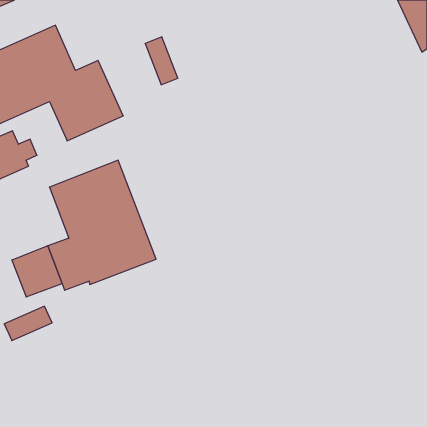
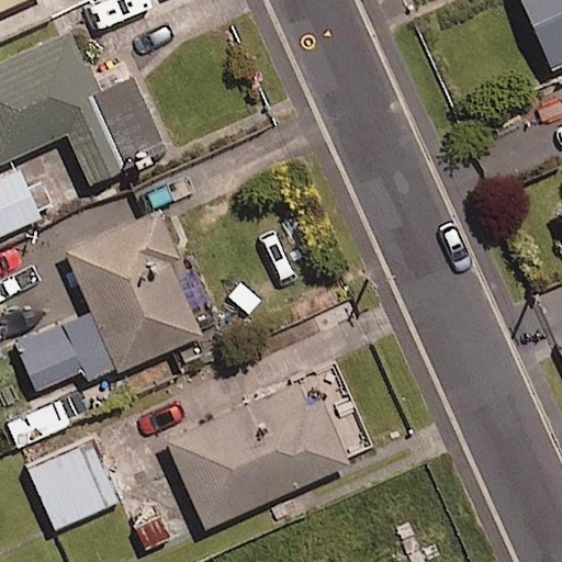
building: none -> [166,382,352,528]
building: none -> [27,441,115,529]

